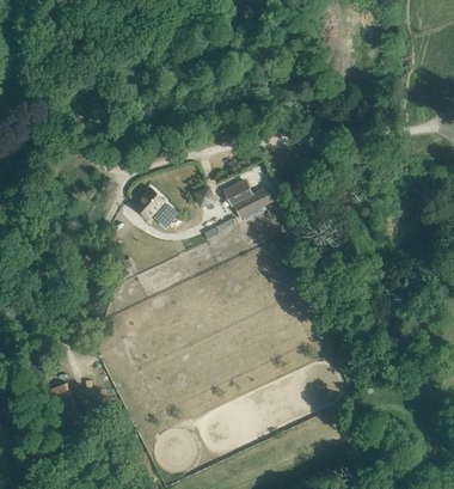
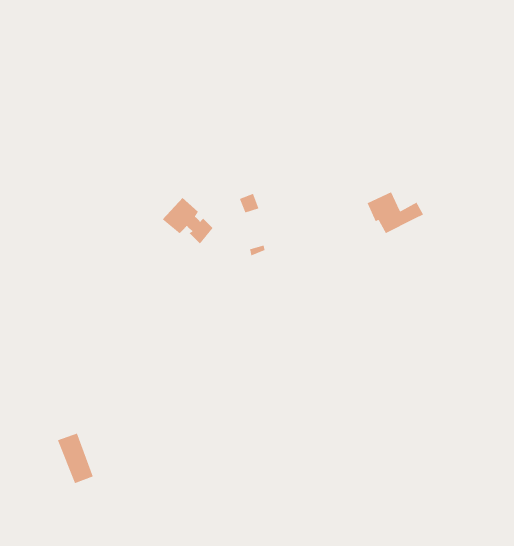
building: [226,179,272,214] -> [366,191,424,234]

